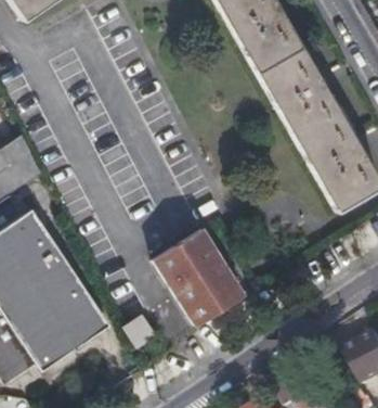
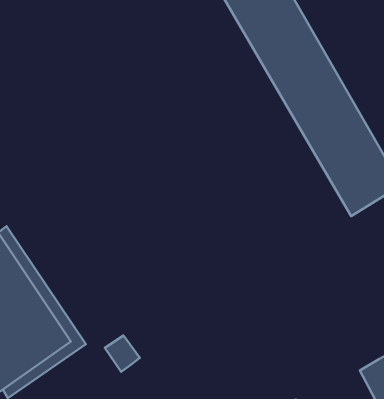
building: [155,231,247,328] -> none

